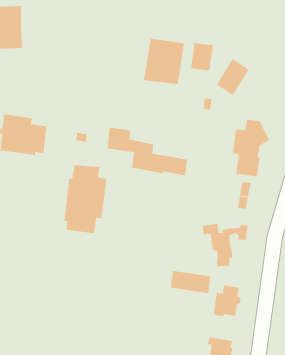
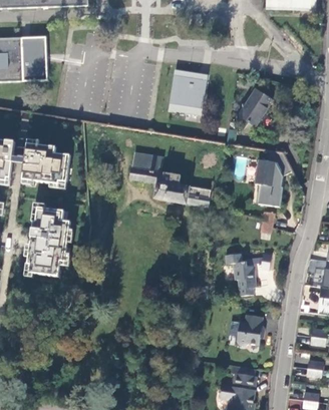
building: [190,42,213,71] -> none
building: [64,165,107,234] -> [29,209,72,277]
building: [170,270,211,294] -> none

